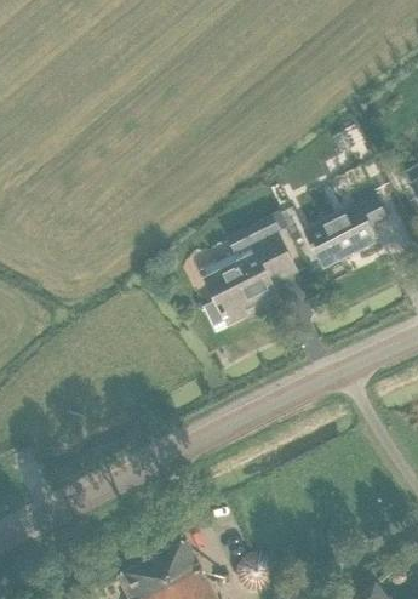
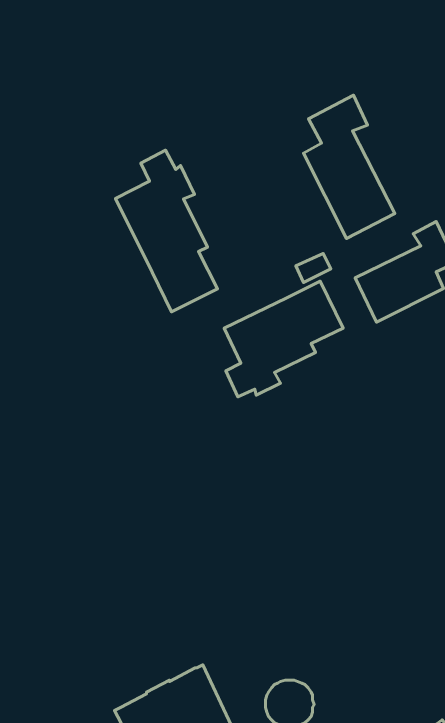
building: none -> [304,95,395,239]
building: none -> [116,150,217,312]

